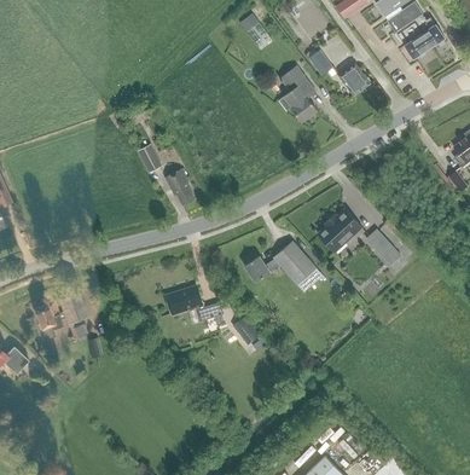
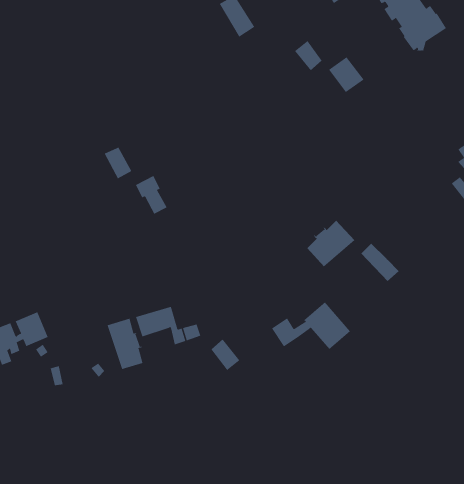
building: [279,65,317,121] -> none
building: [245,241,317,284] -> [271,301,351,350]
building: none -> [107,318,143,370]

